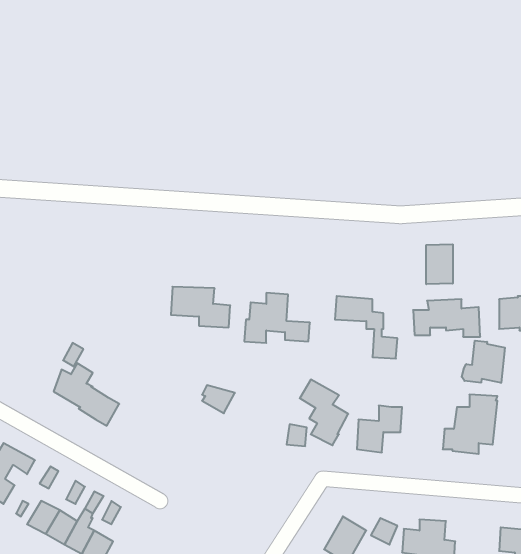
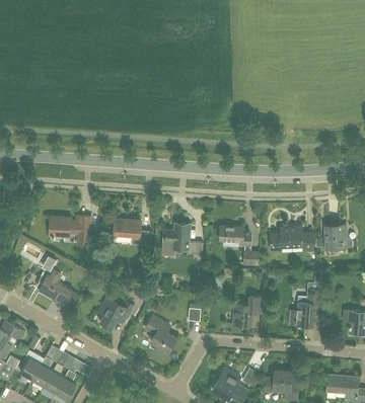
building: [426,244,453,284] -> none
building: none -> [49,216,90,244]
building: [462,341,505,383] -> none
building: [300,380,348,445] -> [144,316,175,358]
building: none -> [99,297,133,328]

